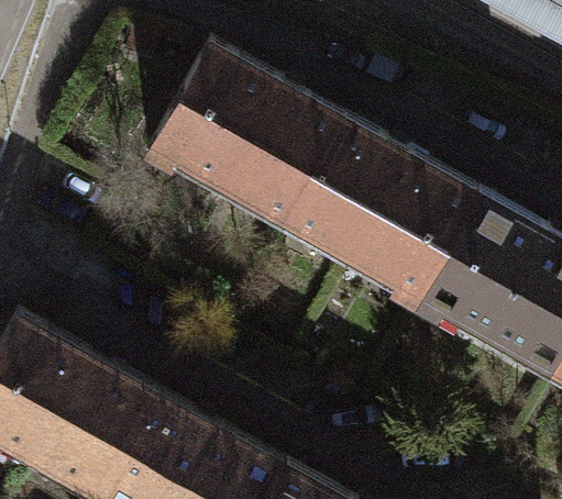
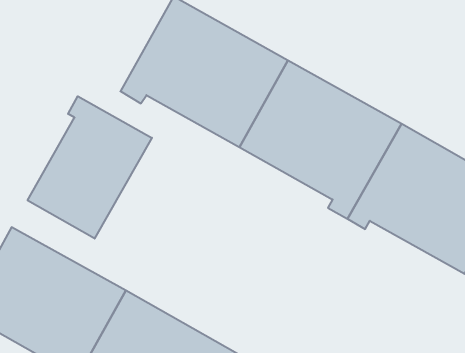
building: none -> [28,96,152,239]

